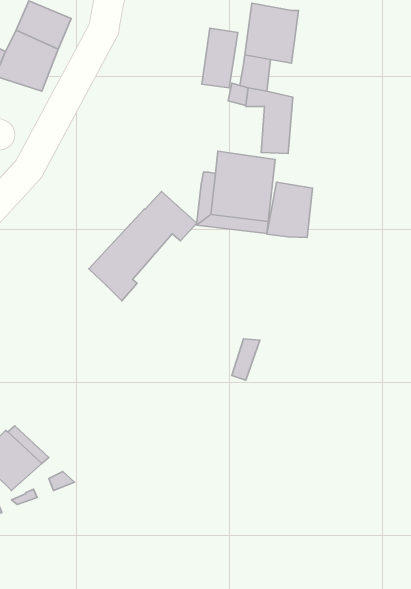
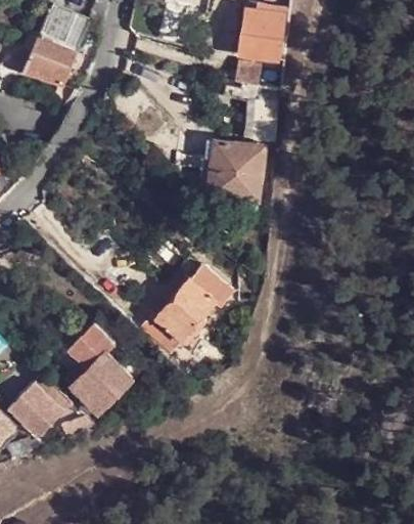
building: [202,28,238,88] -> none
building: [267,182,312,238] -> none
building: [89,192,197,301] -> [141,266,235,361]
building: none -> [67,321,129,407]

